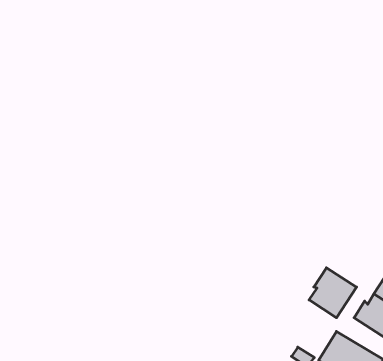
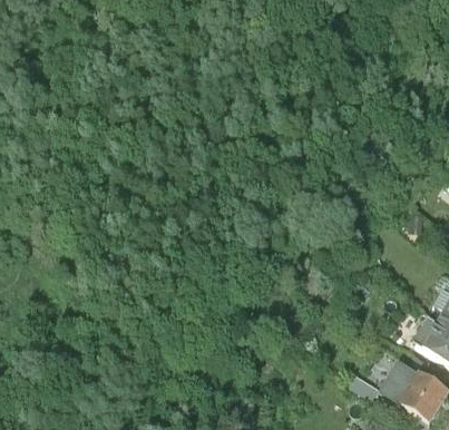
building: [309,268,357,318] -> none

